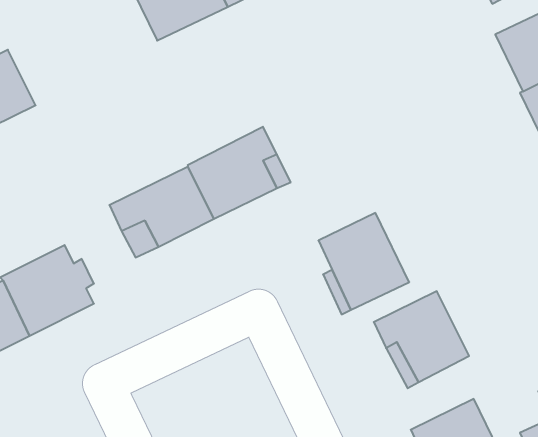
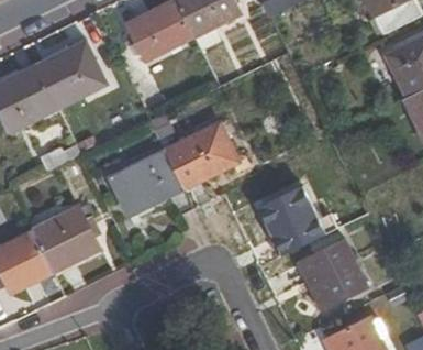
building: none -> [36,42,105,107]

